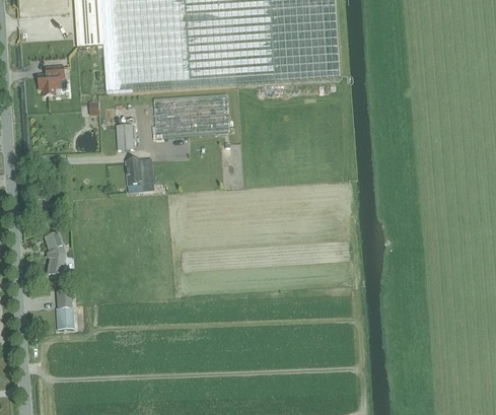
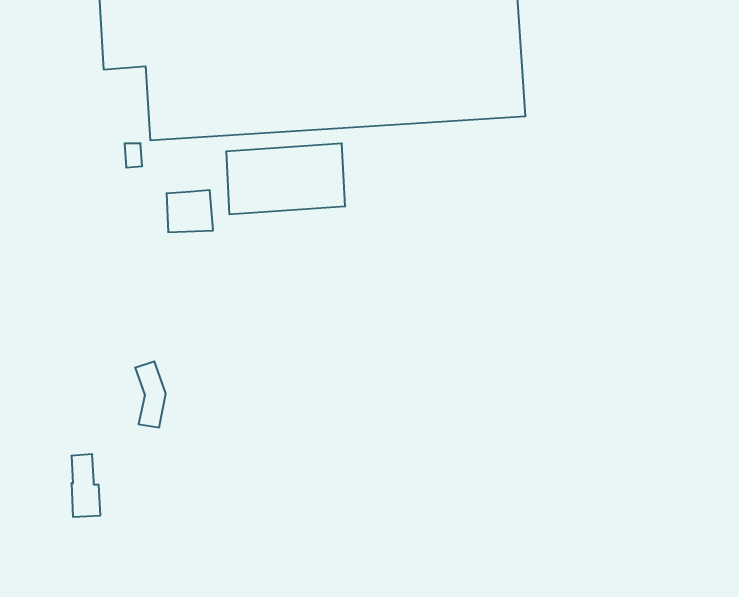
building: [38,65,64,95] -> none
building: [125,159,147,191] -> none
building: [45,232,64,274] -> [135,361,166,427]

